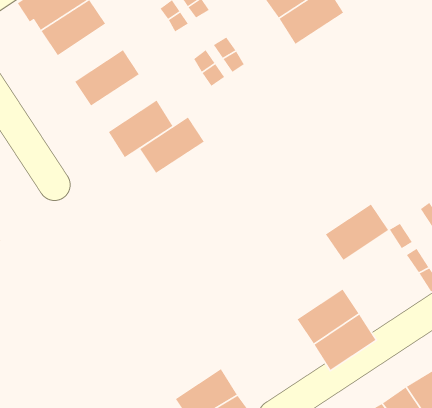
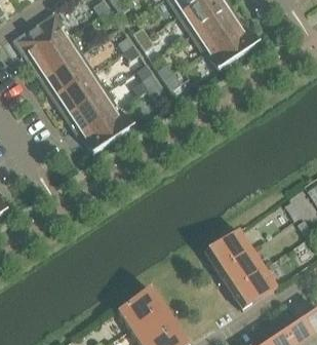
building: none -> [42,53,90,95]
building: [139,117,205,174] -> [67,90,115,132]
building: [325,203,389,261] -> [204,228,251,270]
building: none -> [115,286,162,329]

